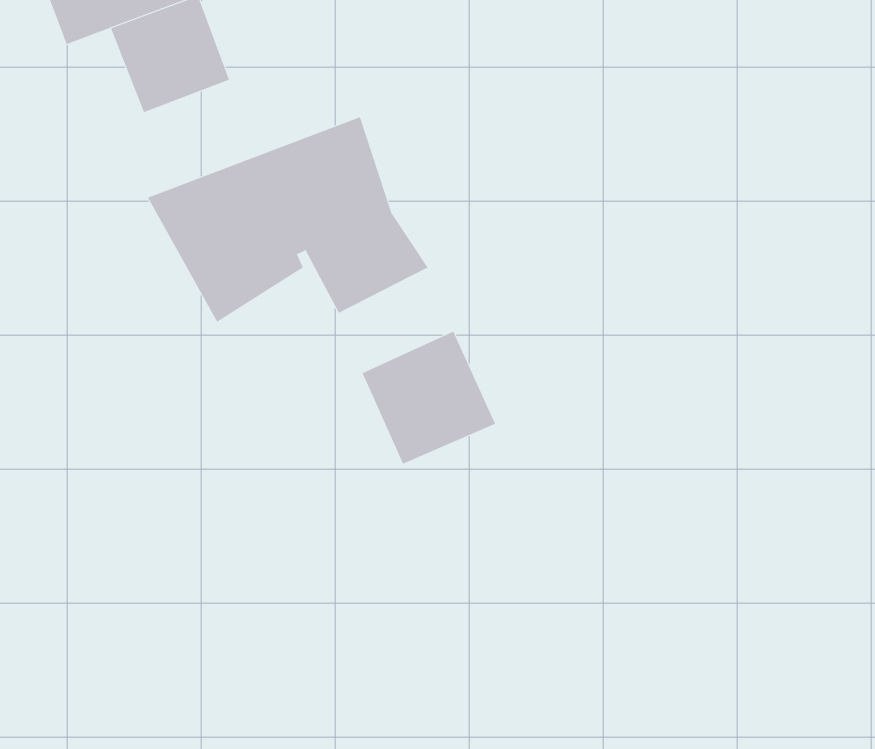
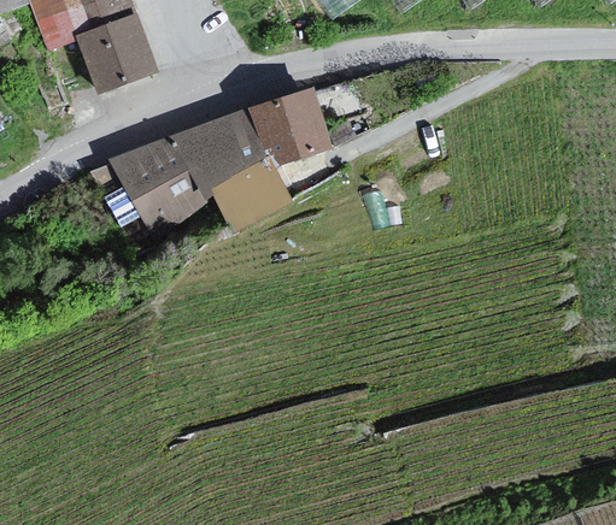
building: none -> [247,83,329,166]
building: [362,331,496,465] -> none

